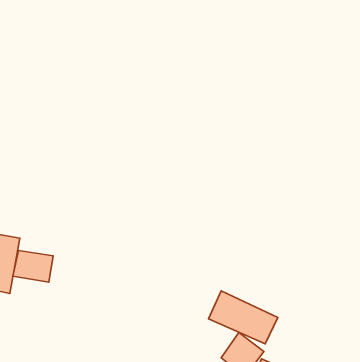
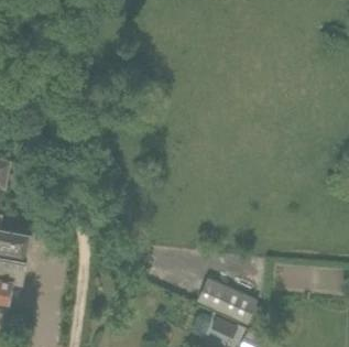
building: [13,251,53,282] -> none

